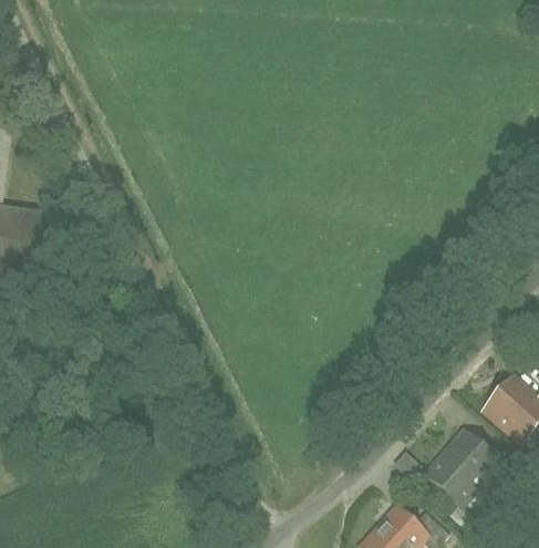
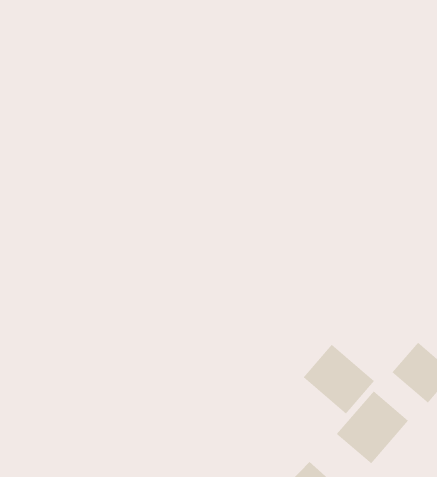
building: none -> [303,344,375,414]

